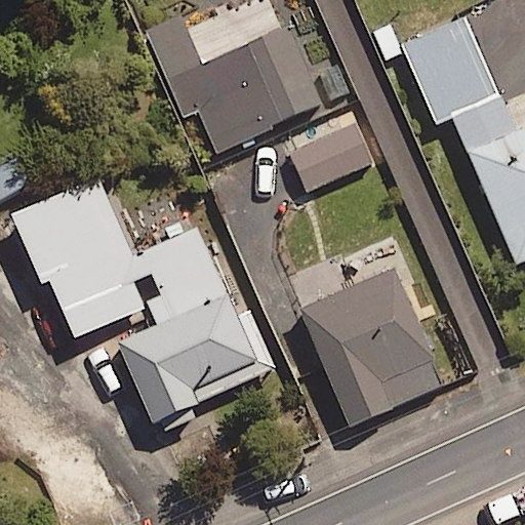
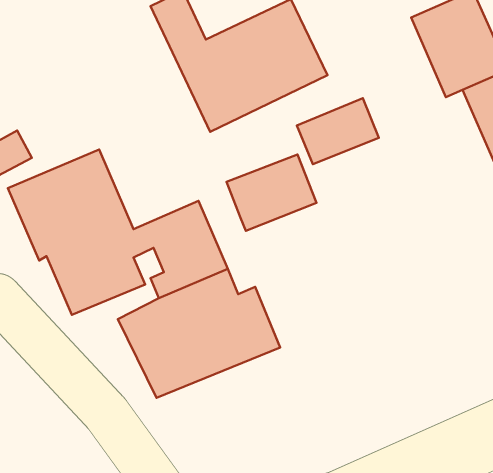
building: none -> [226,154,316,231]
building: [300,240,448,426] -> none

